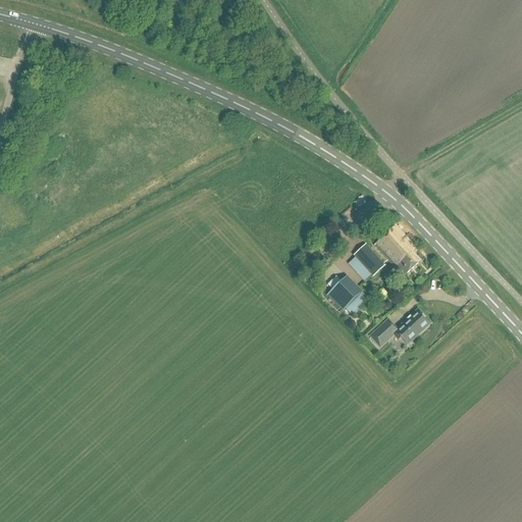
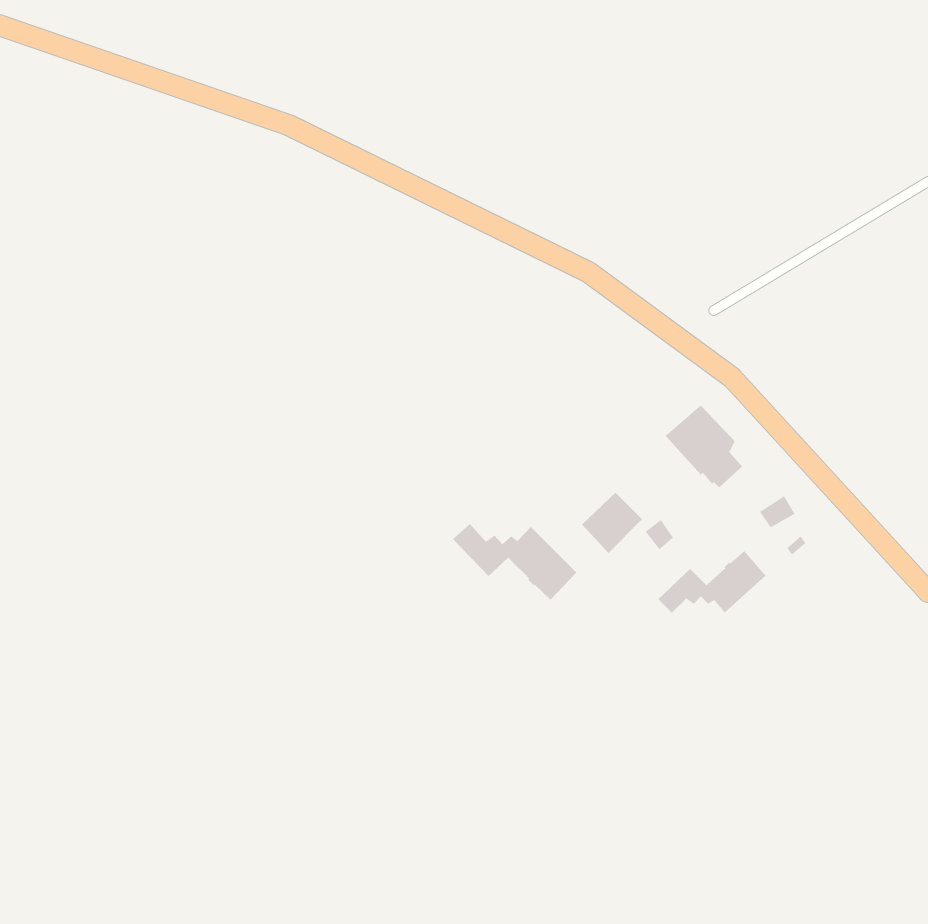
building: [353,244,384,277] -> none
building: none -> [452,523,577,601]

